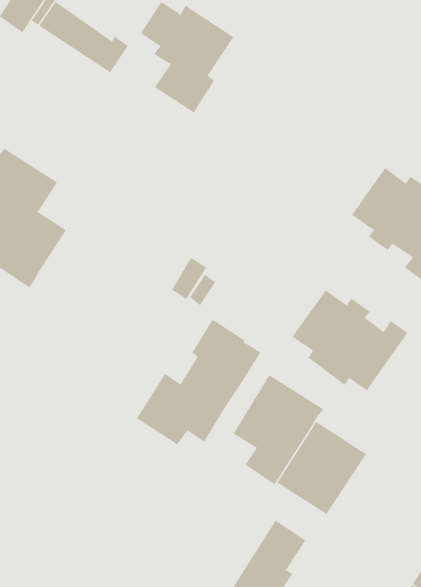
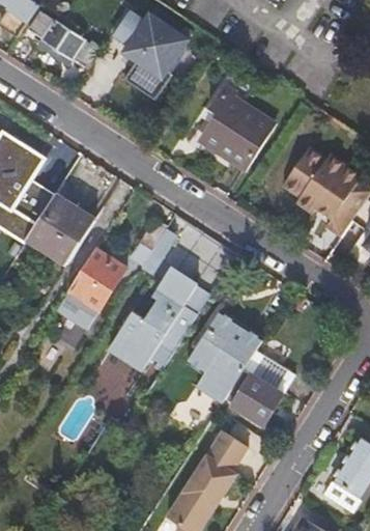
building: none -> [201,93,272,166]
building: none -> [27,194,95,263]
building: [292,289,408,391] -> none
building: none -> [54,251,124,332]

